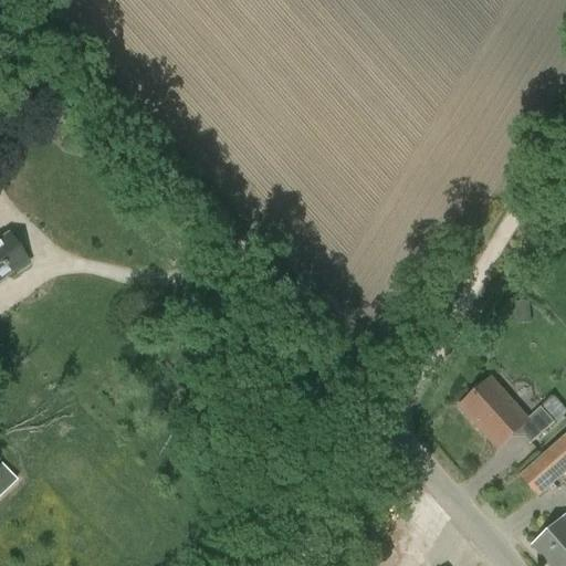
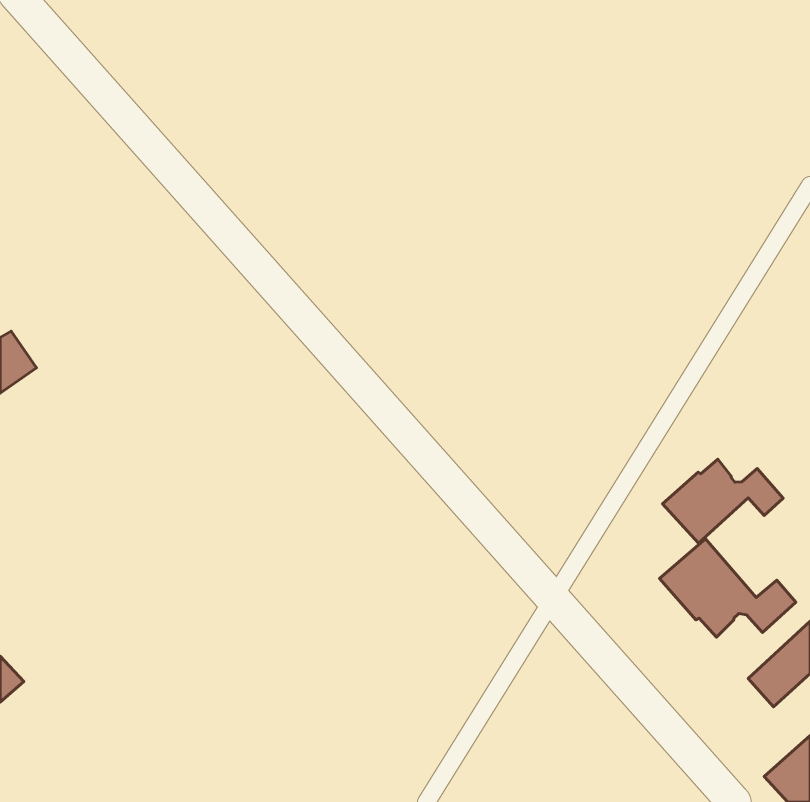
building: none -> [663,459,783,543]

